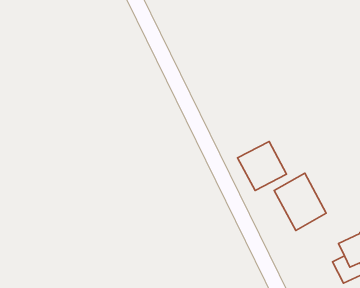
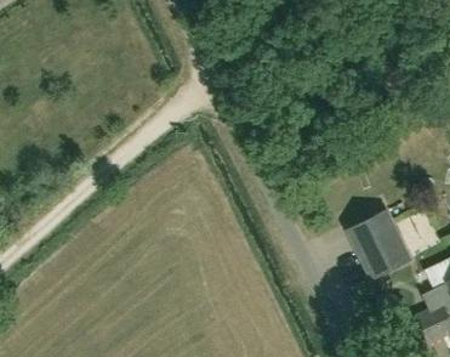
building: [238,142,287,190] -> none

